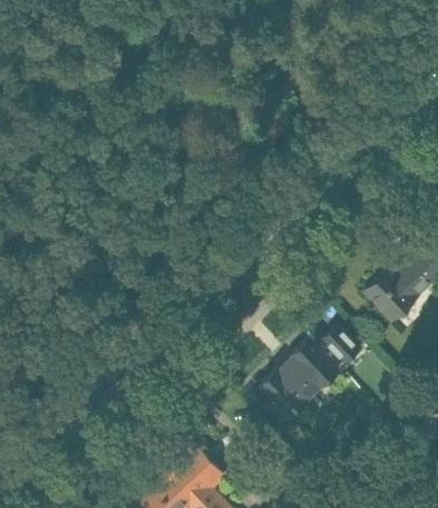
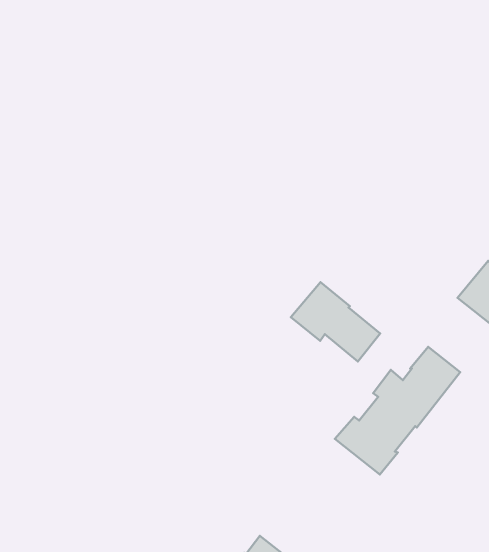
building: none -> [291,282,380,361]

